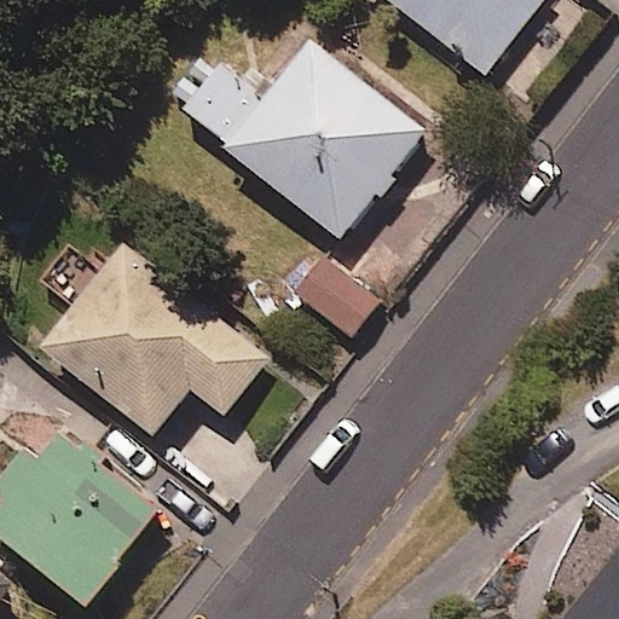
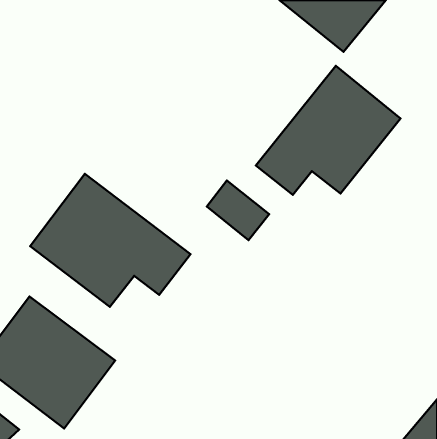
building: [181,40,423,237] -> none
building: none -> [256,66,401,195]

